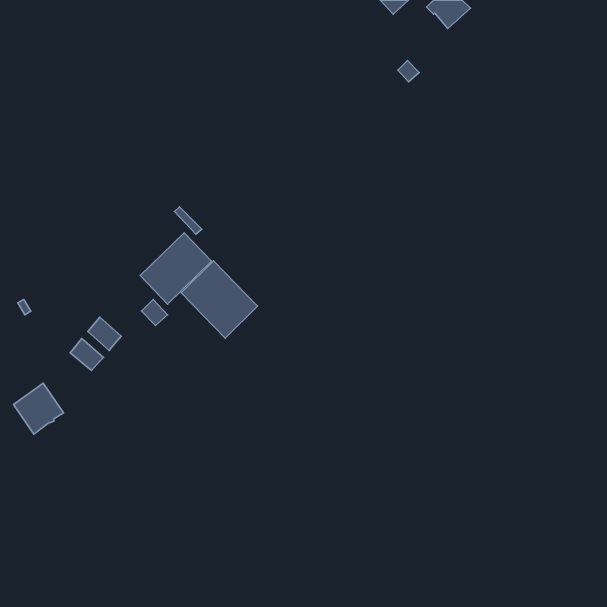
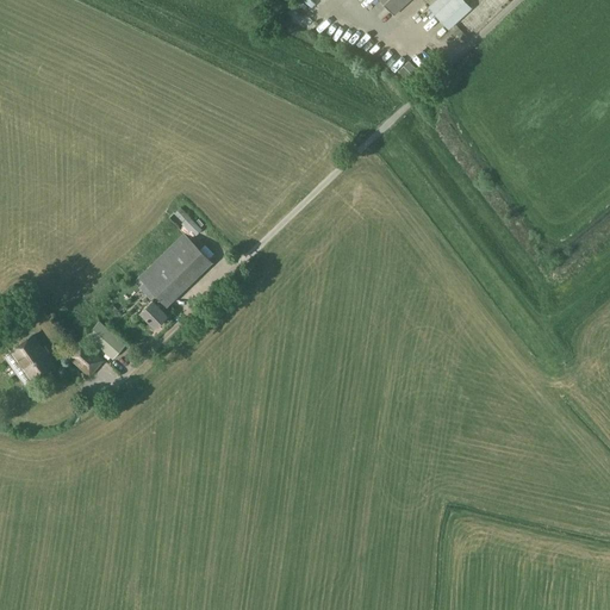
building: [181,261,258,338] -> none
building: [14,383,63,434] -> [6,334,56,385]

